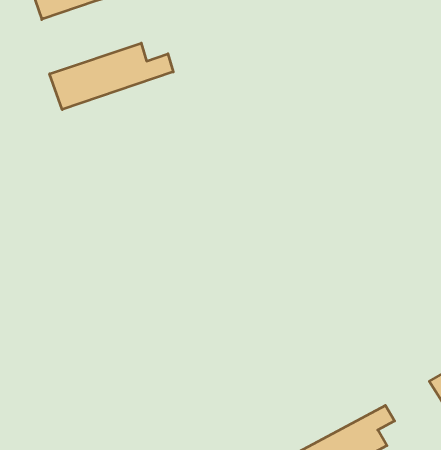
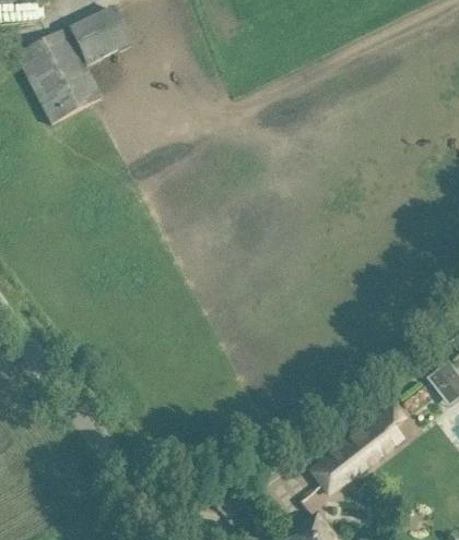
building: [50,43,173,110] -> none

